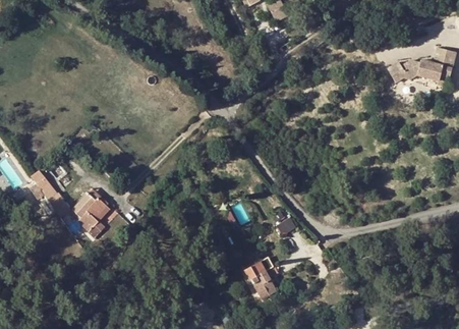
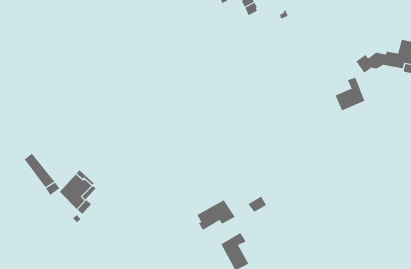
building: none -> [335,77,365,111]
building: none -> [197,200,235,231]

